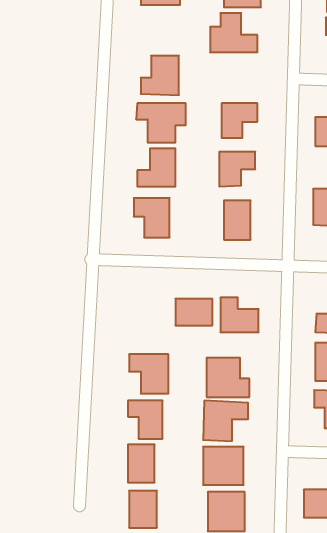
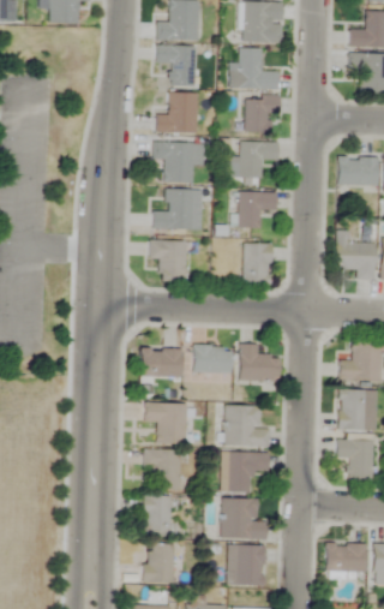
building: none -> [157,46,196,85]
building: none -> [246,96,280,133]
building: none -> [142,348,181,376]

